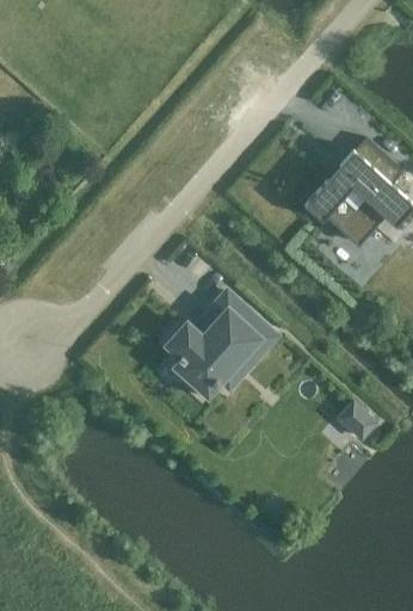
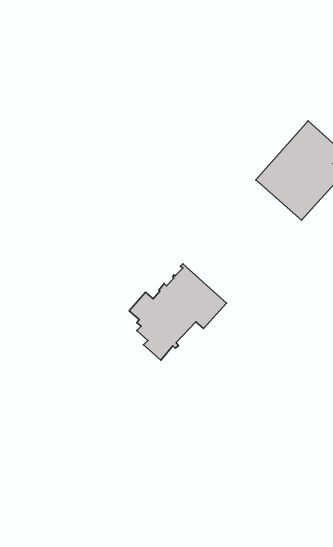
building: [337,397,380,440] -> none

